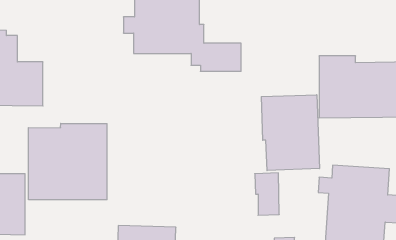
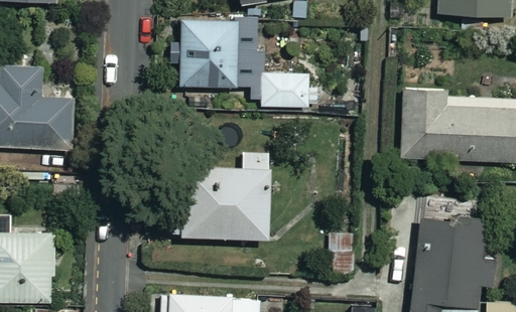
building: [261,95,319,171] -> none
building: none -> [180,153,272,239]
building: [28,123,107,200] -> none

